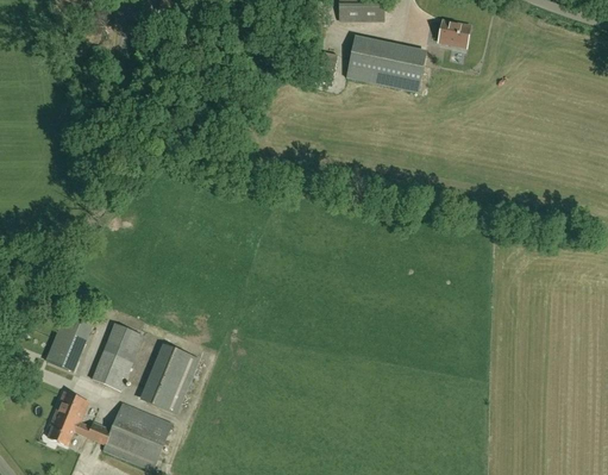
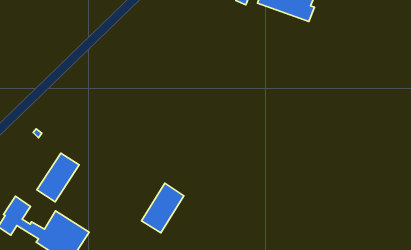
building: [45,314,90,370] -> none
building: [146,345,198,413] -> [142,183,184,233]

